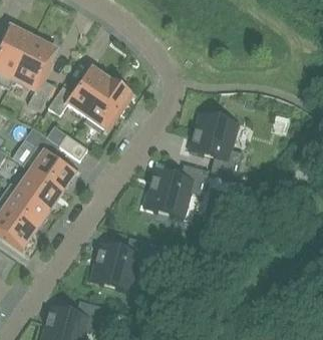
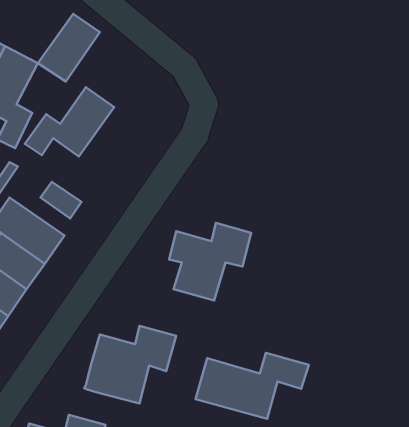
building: [86,80,130,128] -> [38,14,100,82]
building: [190,113,243,178] -> none
building: none -> [195,353,309,419]

